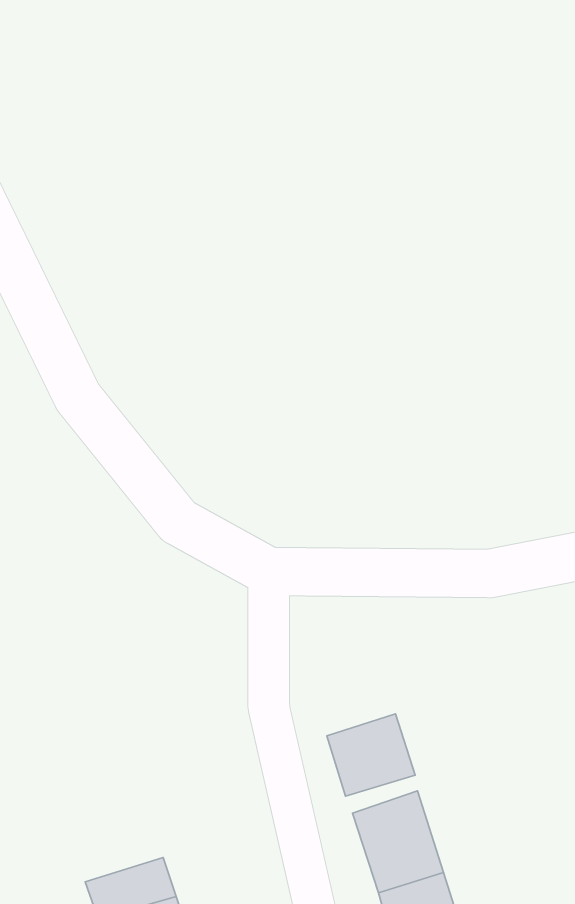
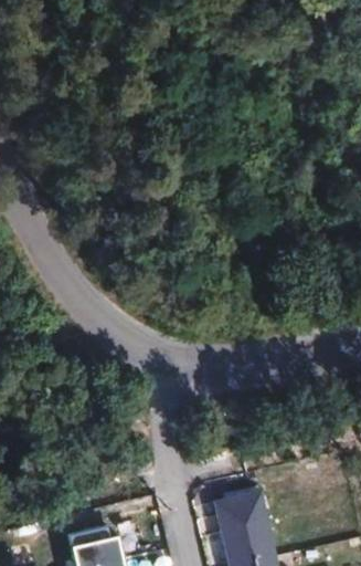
building: [327,714,415,796] -> none

